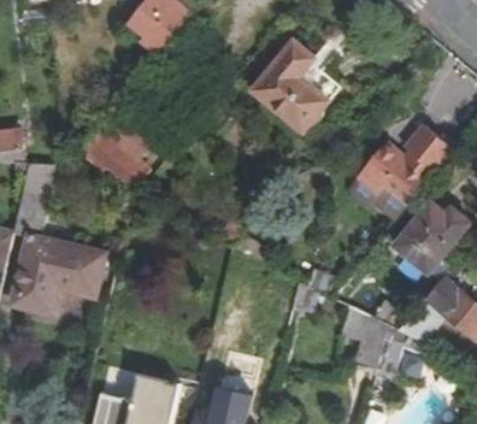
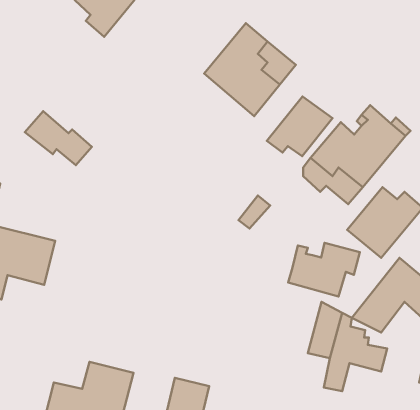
building: none -> [267,96,332,156]
building: none -> [288,243,360,297]

